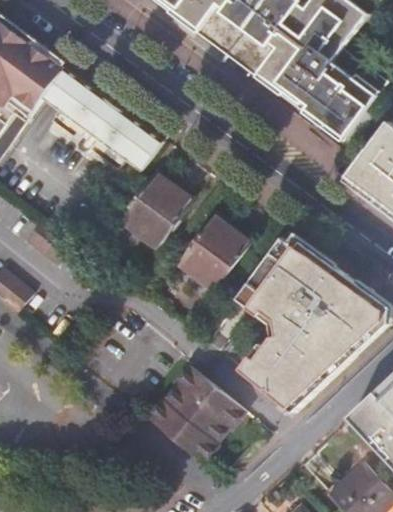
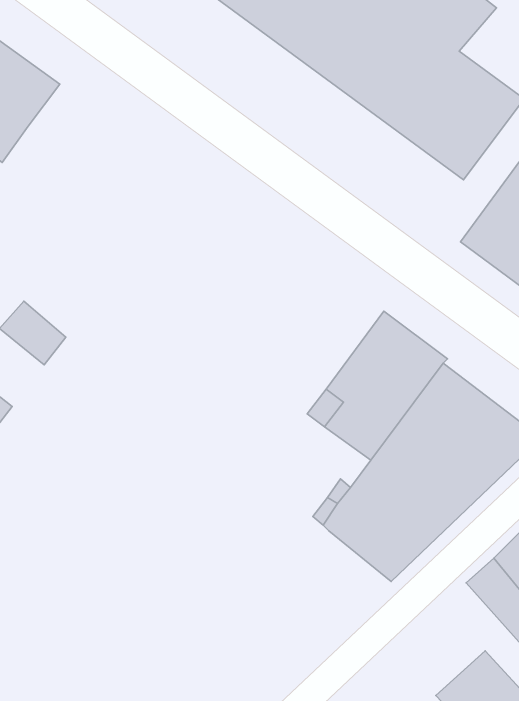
building: [43,70,162,175] -> none
building: [120,173,191,247] -> none
building: [175,215,249,291] -> none
building: [148,367,244,463] -> none

